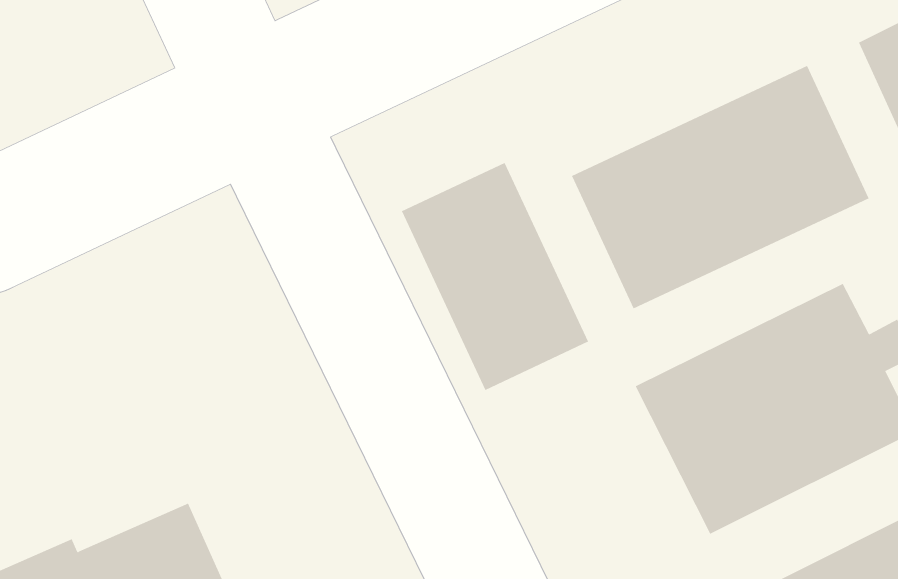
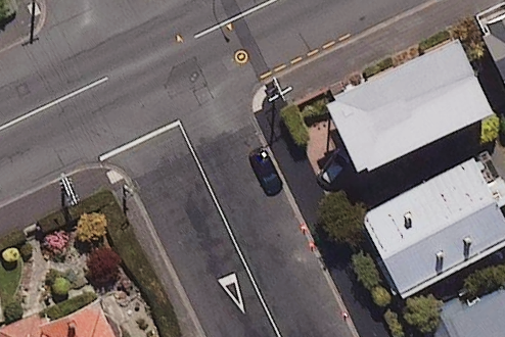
building: [401,162,589,391] -> none

